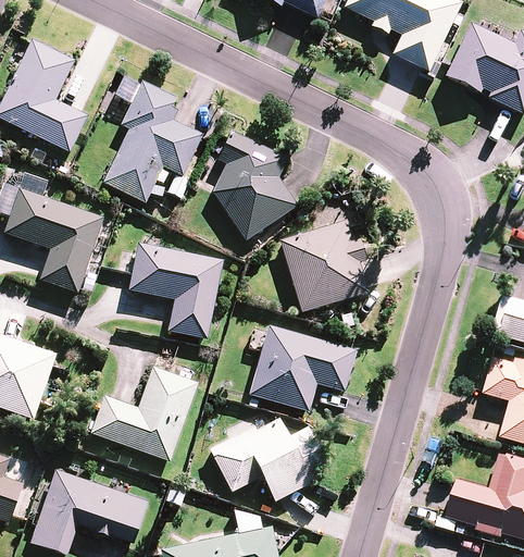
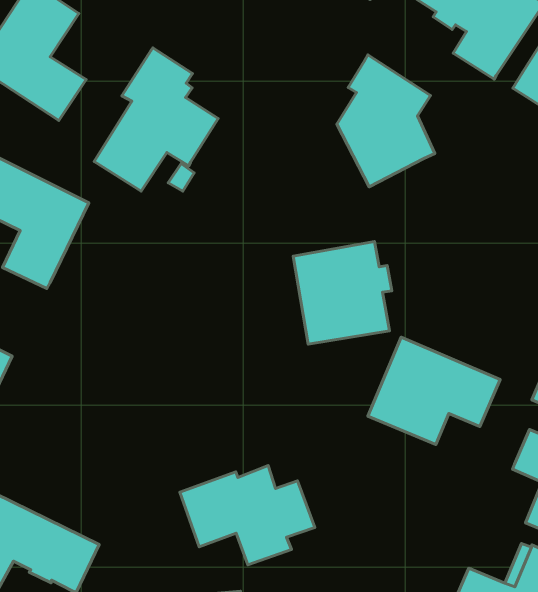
building: [212,131,297,240] -> [337,55,435,187]
building: [127,242,223,338] -> none
building: [249,324,355,410] -> [368,337,500,445]
building: [90,366,198,461] -> none

